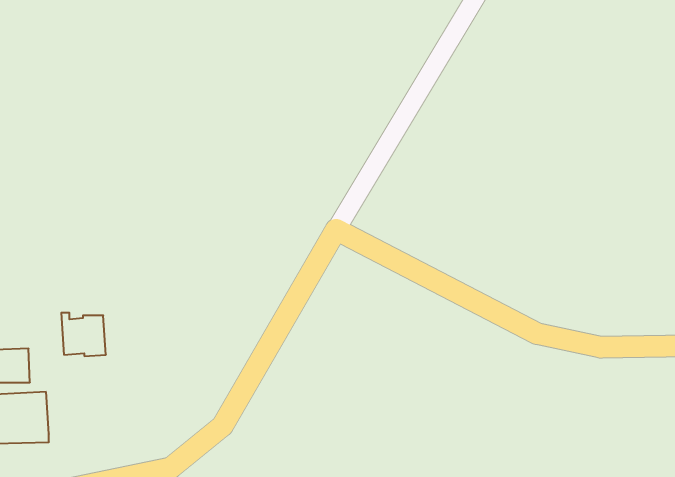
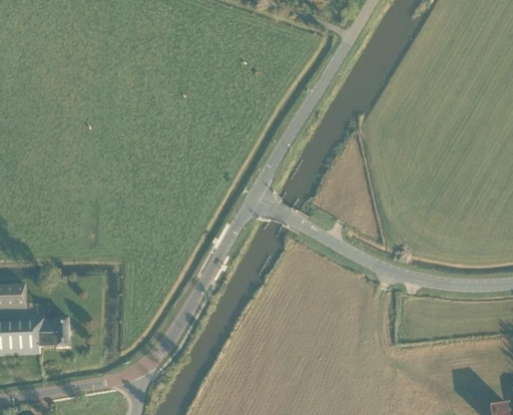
building: [61,313,106,356] -> [37,316,70,348]

